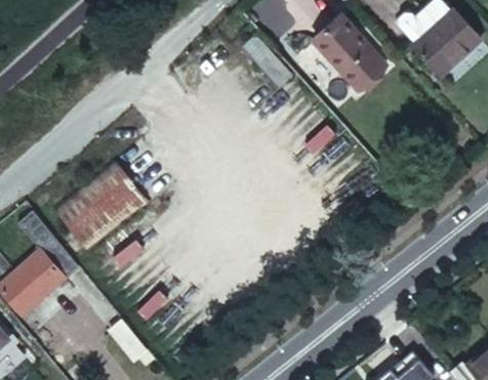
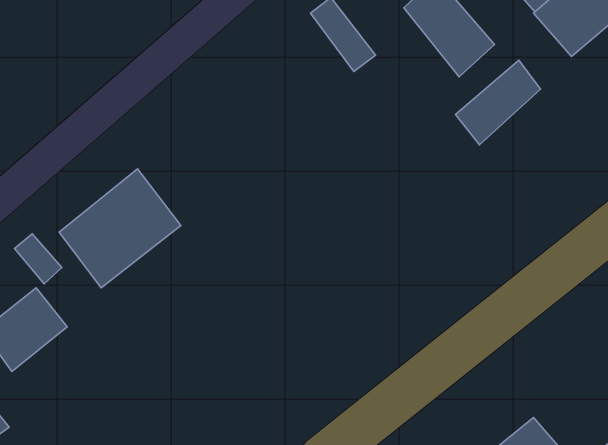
building: none -> [455,60,541,145]

